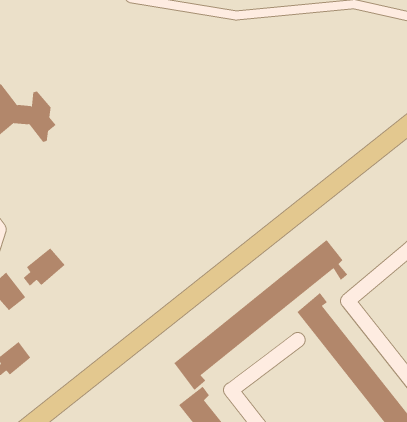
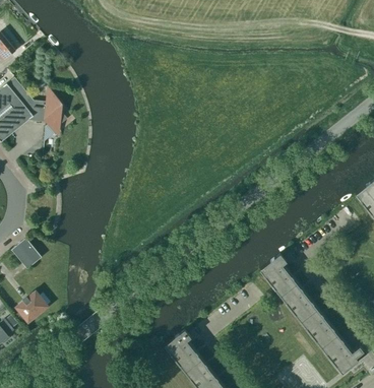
building: [173,239,348,391] -> none
building: [23,248,66,286] -> none

